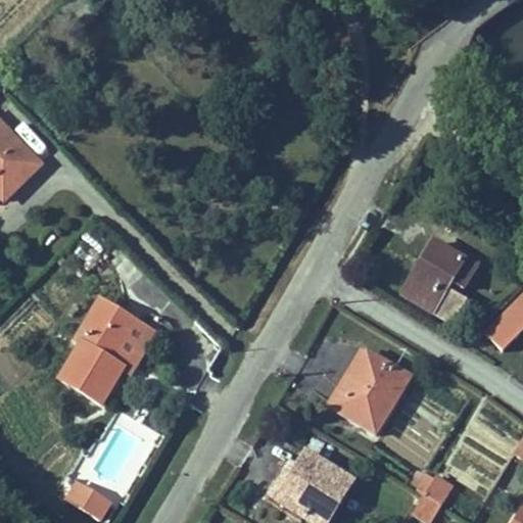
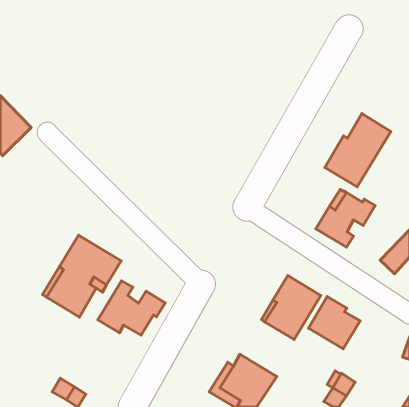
building: none -> [325,114,391,187]
building: none -> [98,281,165,335]
building: none -> [308,296,360,349]

